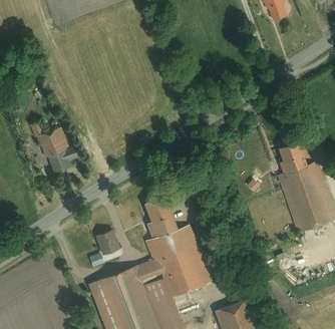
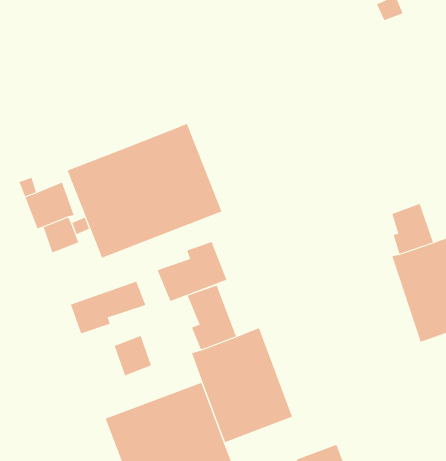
building: none -> [67,123,222,259]
building: none -> [157,241,227,302]
building: none -> [70,281,146,334]

